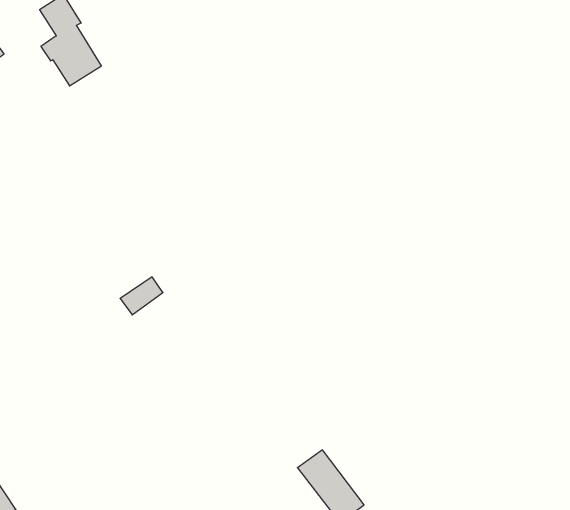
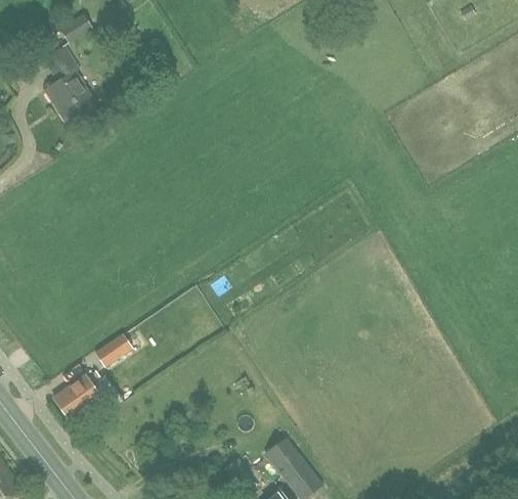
building: [120,277,163,315] -> [94,333,131,366]
building: none -> [52,371,102,420]

